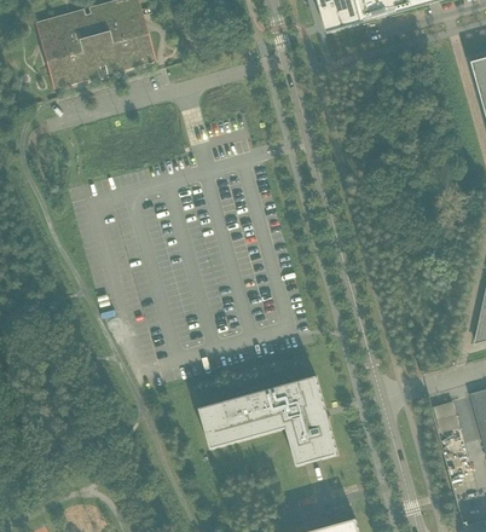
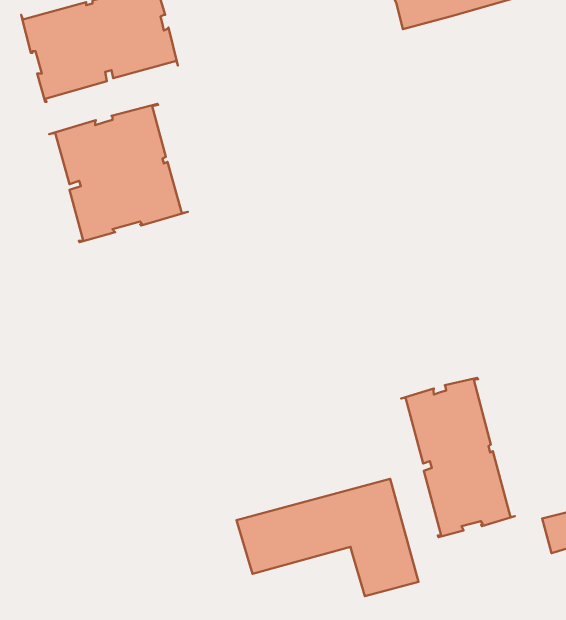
building: none -> [49,104,188,242]
building: none -> [401,378,515,537]

